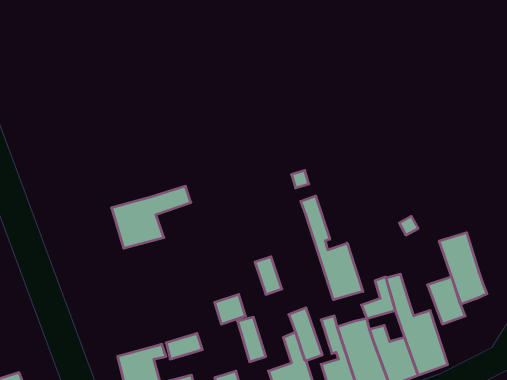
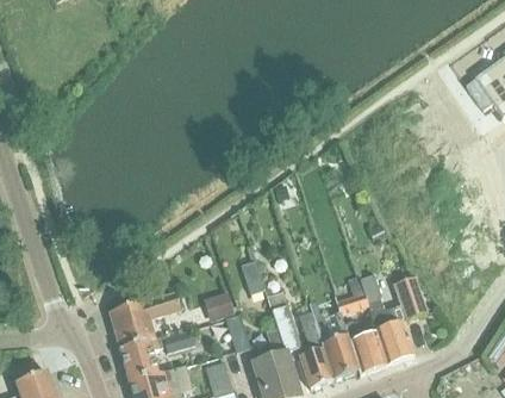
building: [111,186,191,248] -> [110,293,180,348]
building: [301,196,363,300] -> none
building: [439,233,487,304] -> none

